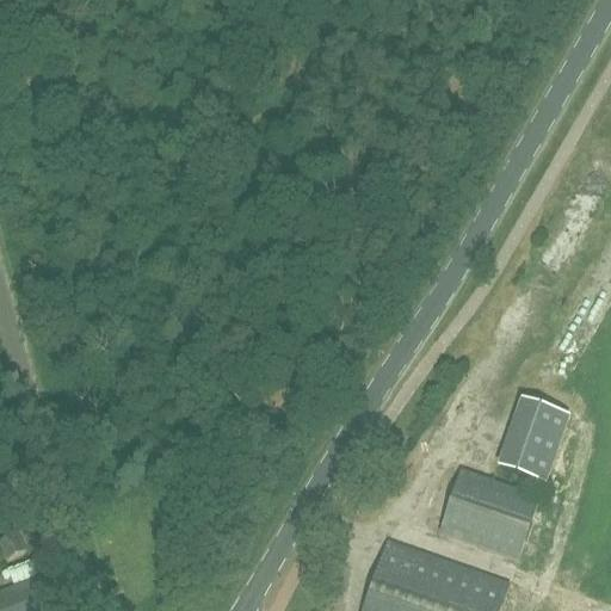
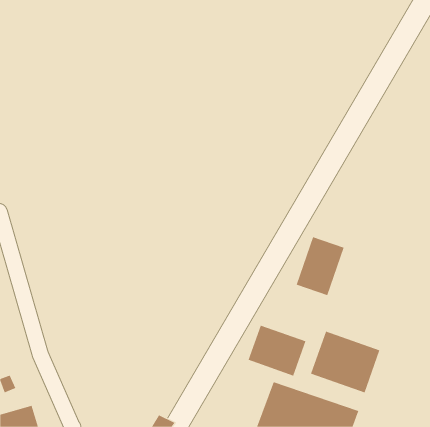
building: [499,396,568,480] -> [296,237,345,296]
building: none -> [248,325,306,376]

